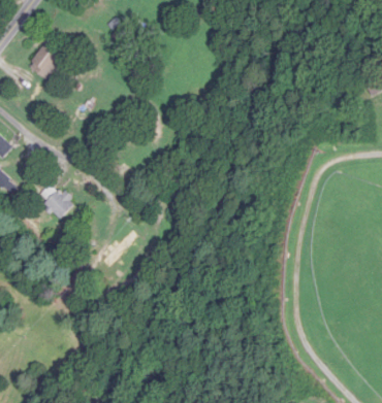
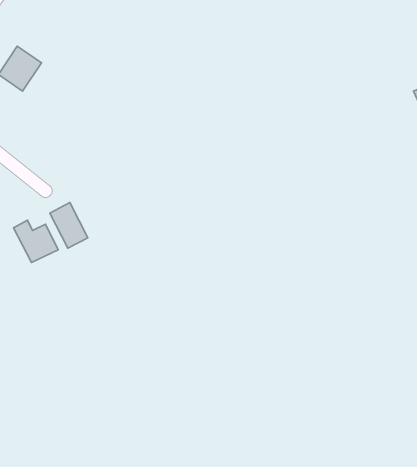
building: none -> [50,203,88,248]

